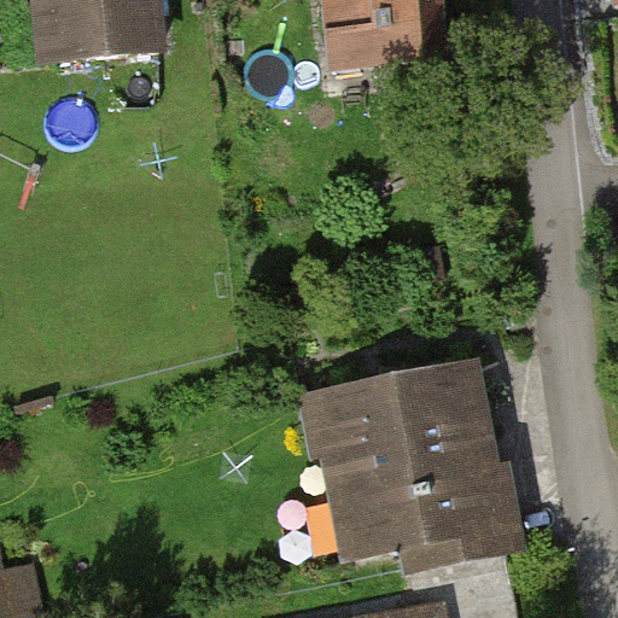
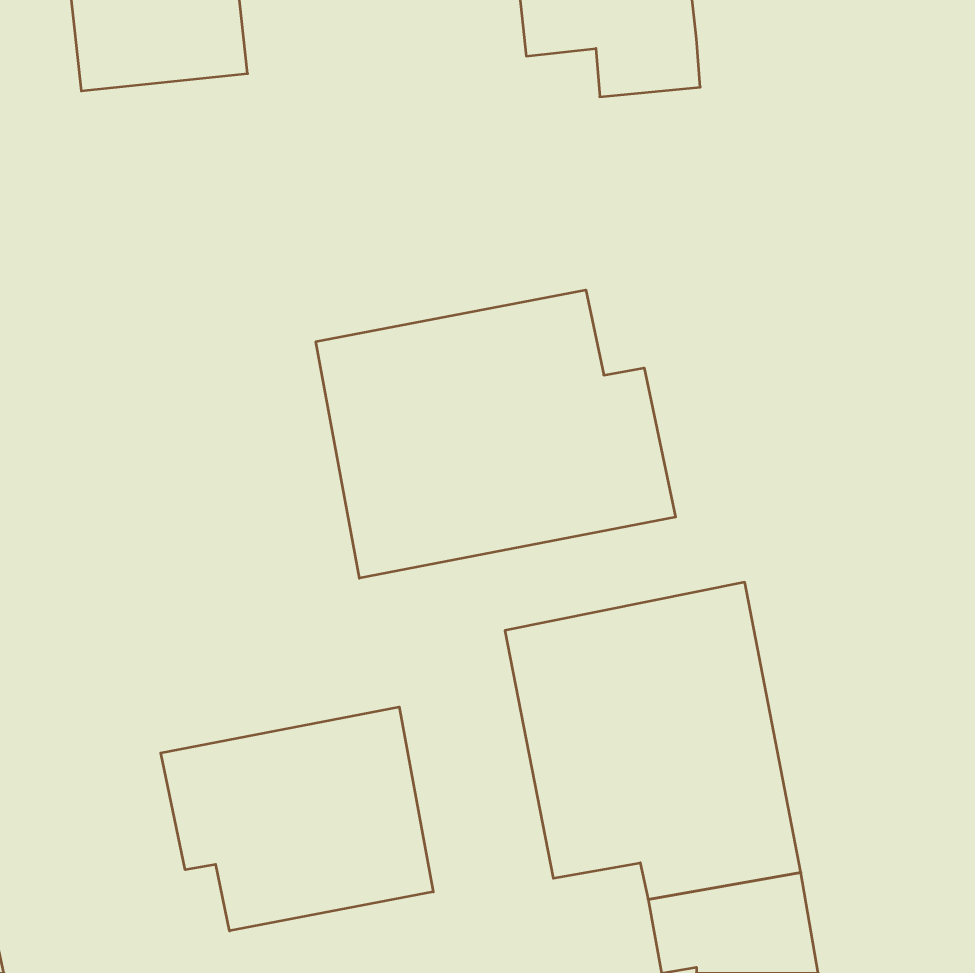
building: none -> [316,290,676,578]
building: none -> [161,707,433,931]

